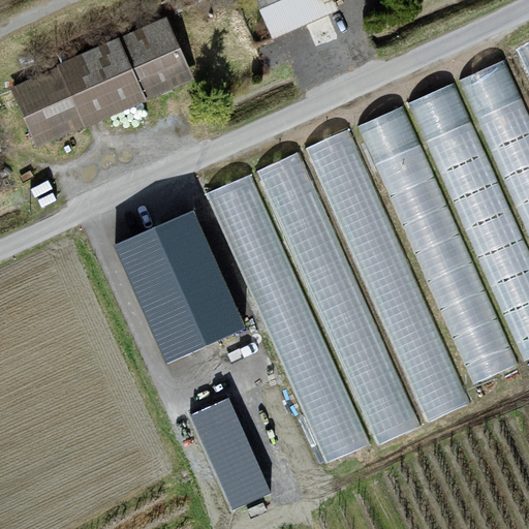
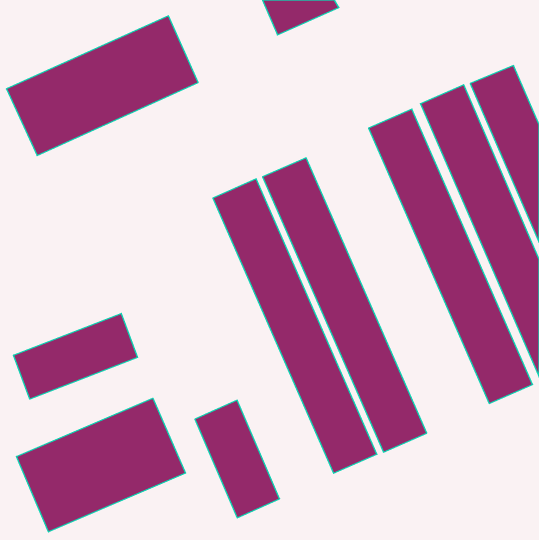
building: [304,131,464,418] -> none
building: [117,204,247,359] -> none
building: none -> [14,313,137,399]
building: none -> [17,398,186,532]

